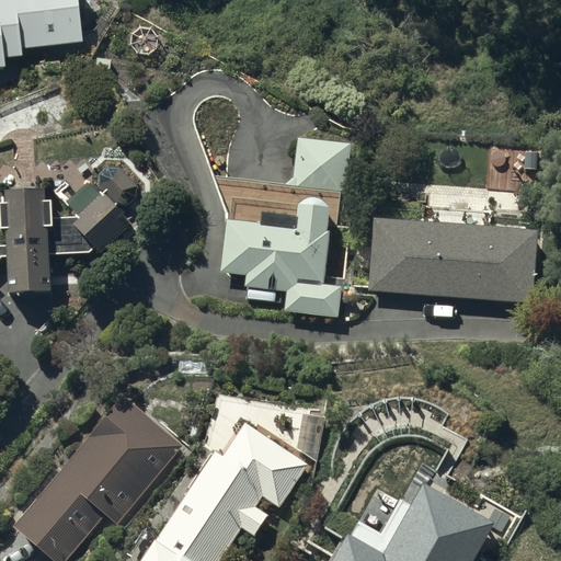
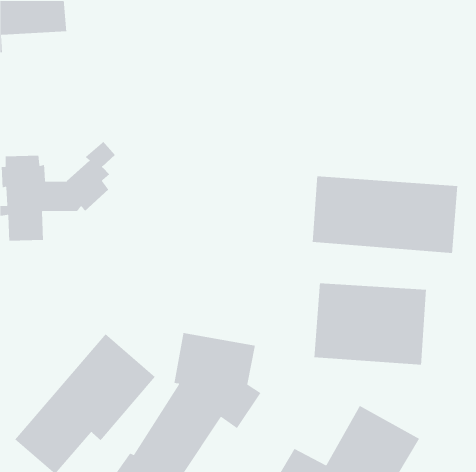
building: [218,139,348,316] -> none
building: none -> [314,283,427,366]

